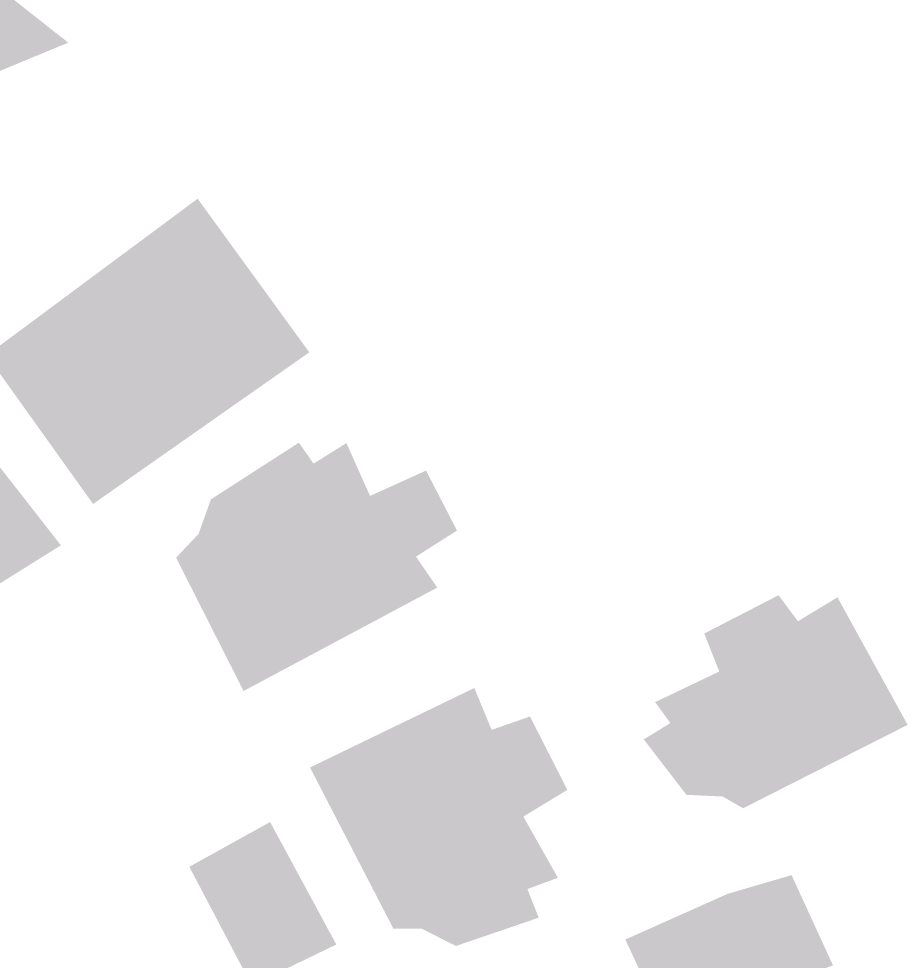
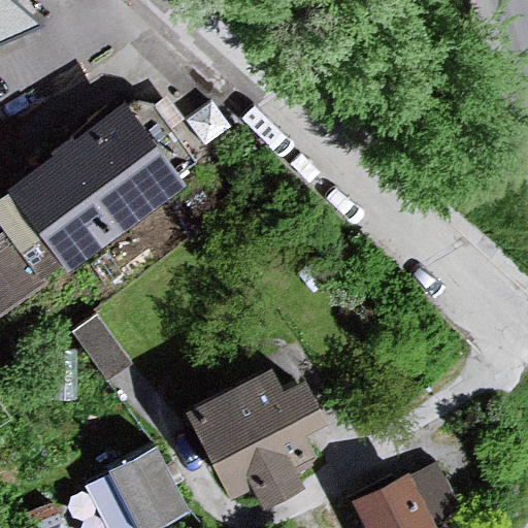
building: [175,441,458,692] -> none
building: [642,594,909,809] -> none

